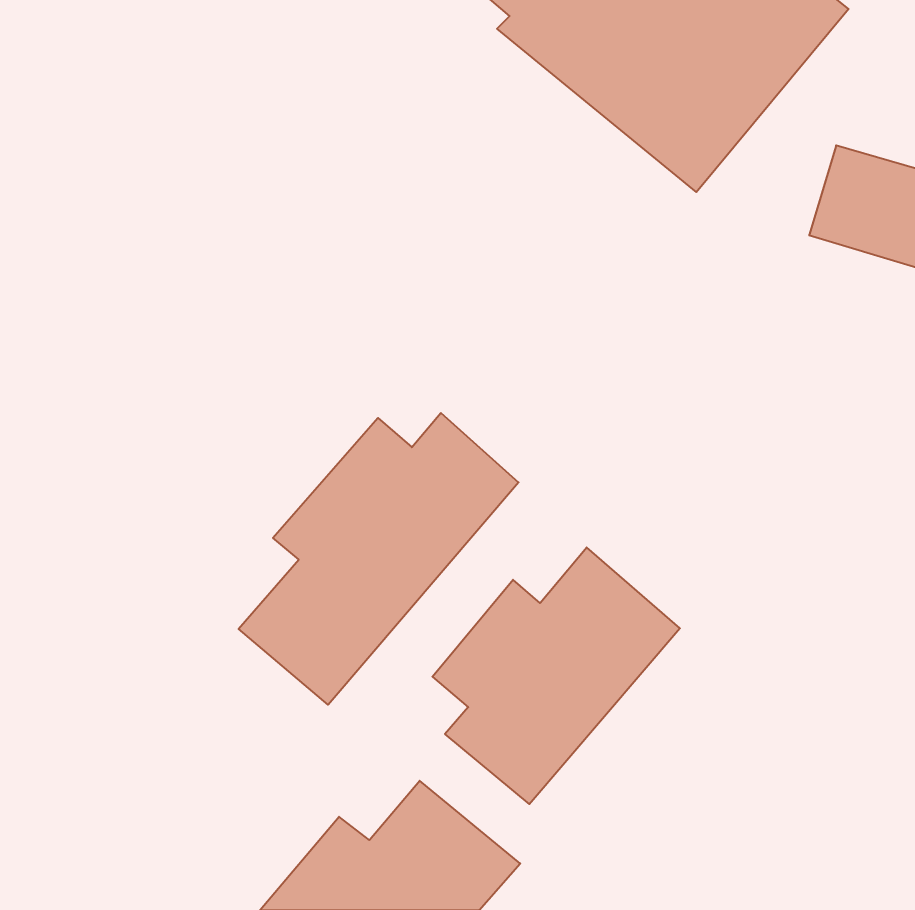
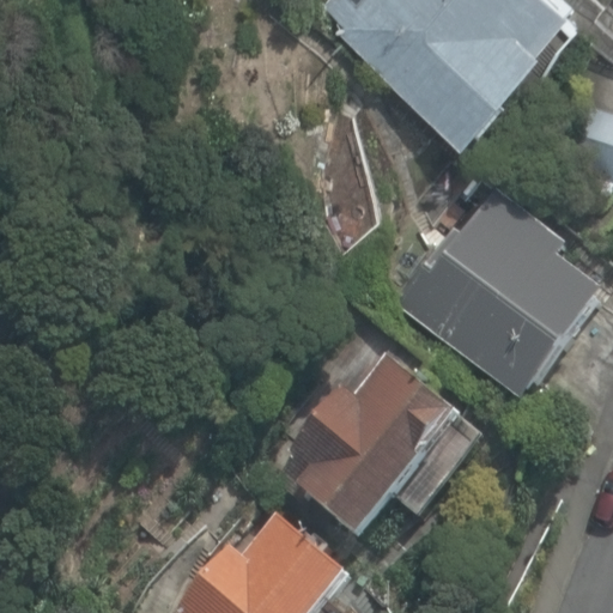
building: none -> [393,180,605,402]
building: [239,413,519,705] -> none

